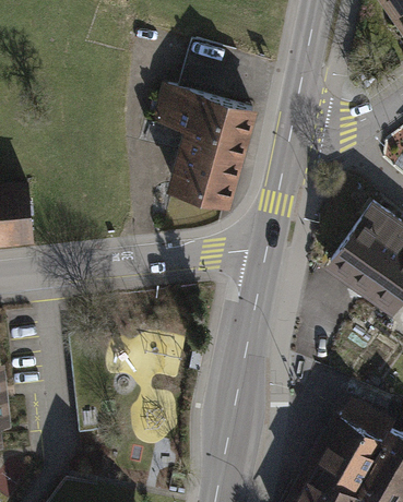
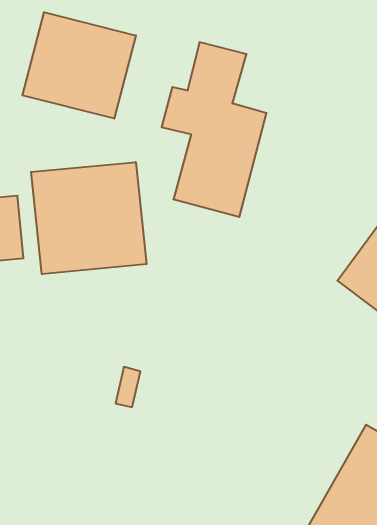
building: none -> [22,12,136,119]
building: none -> [31,162,146,274]

